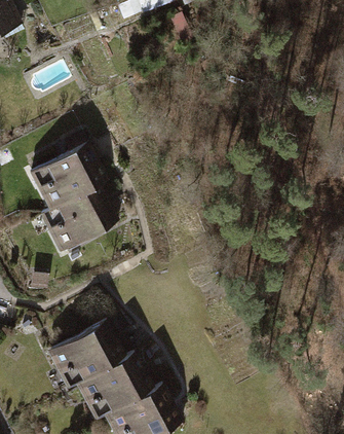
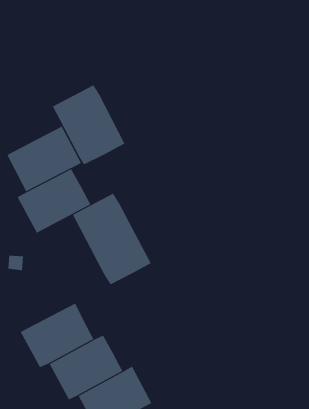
building: none -> [52,85,125,165]
building: none -> [72,193,152,285]

